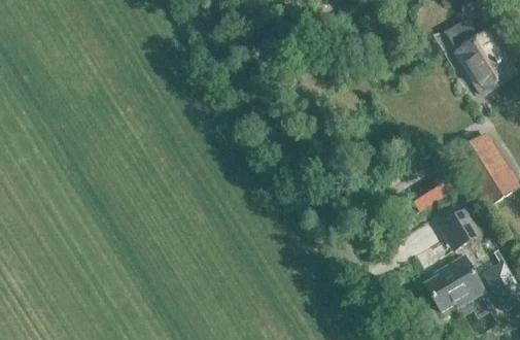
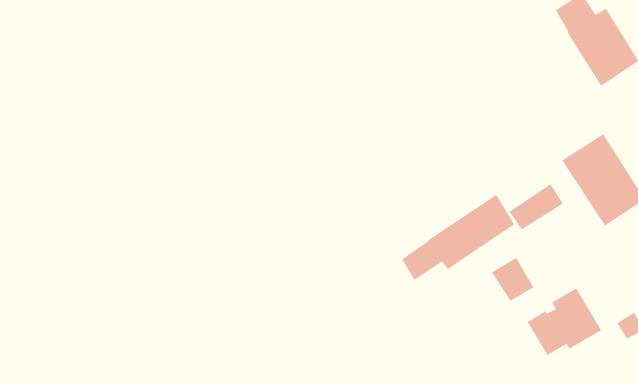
building: none -> [401,194,515,281]
building: [444,210,479,246] -> [491,257,534,302]

